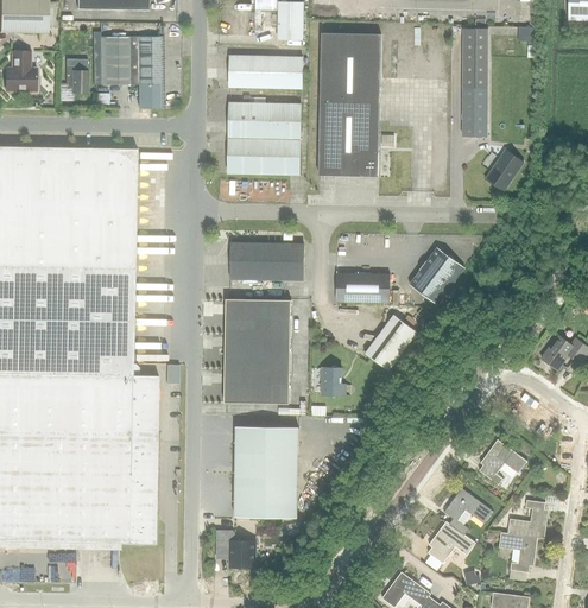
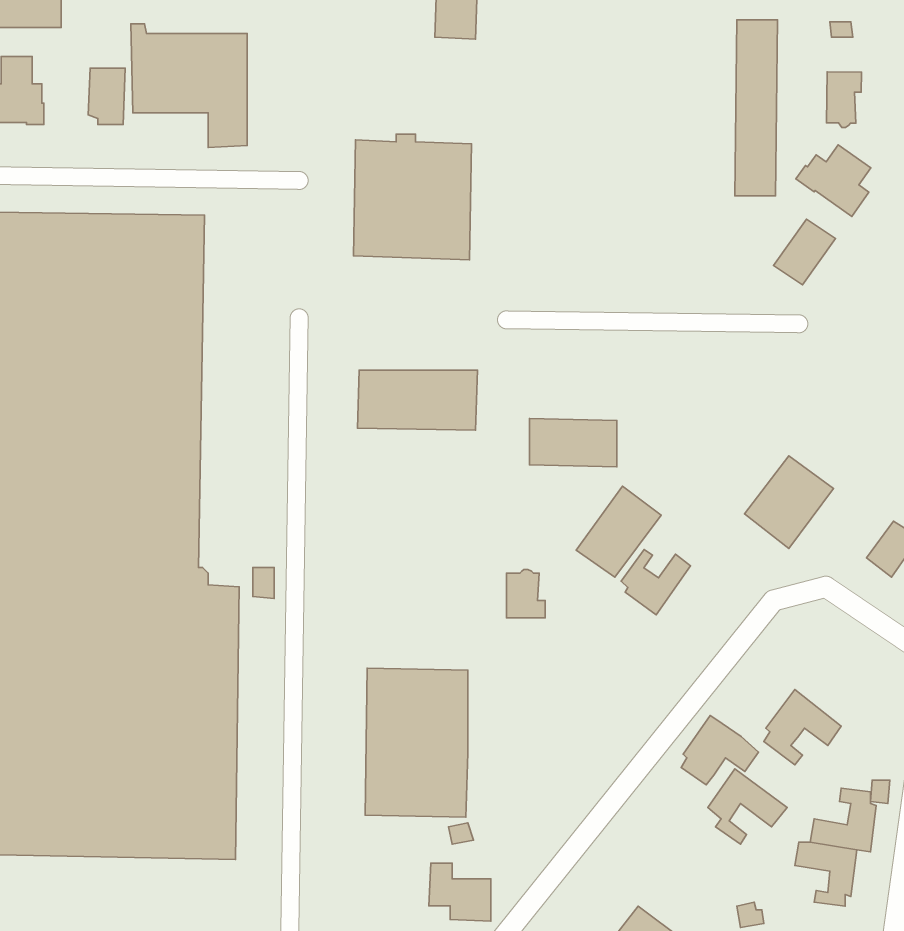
building: [317,33,380,177] -> none
building: [228,56,302,89] -> none
building: none -> [827,72,861,127]
building: none -> [796,145,871,216]
building: [409,248,463,305] -> [744,456,833,549]
building: [223,299,290,404] -> none
building: none -> [621,550,690,615]
building: [428,521,475,564] -> [681,715,758,785]
building: [216,532,254,568] -> [429,863,491,921]

